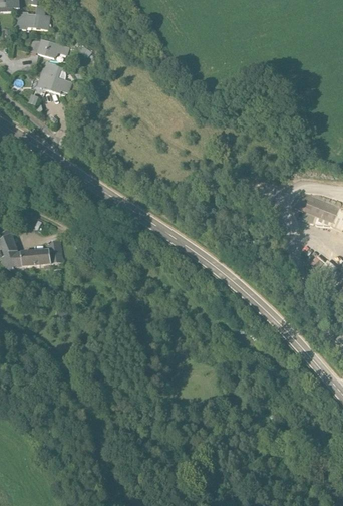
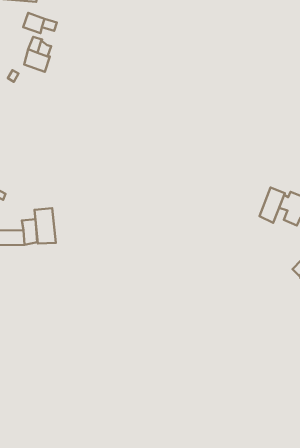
building: none -> [259,188,285,223]
building: none -> [34,208,56,243]

